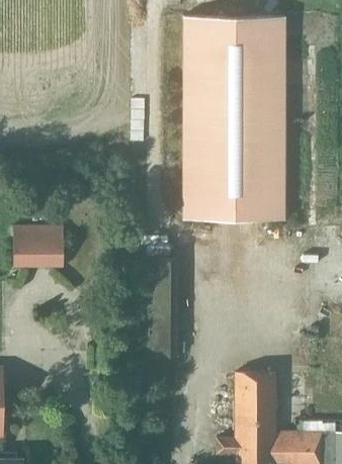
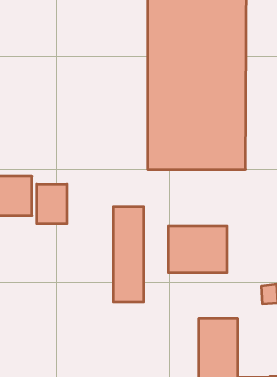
building: none -> [37,184,67,224]
building: none -> [168,226,227,273]

